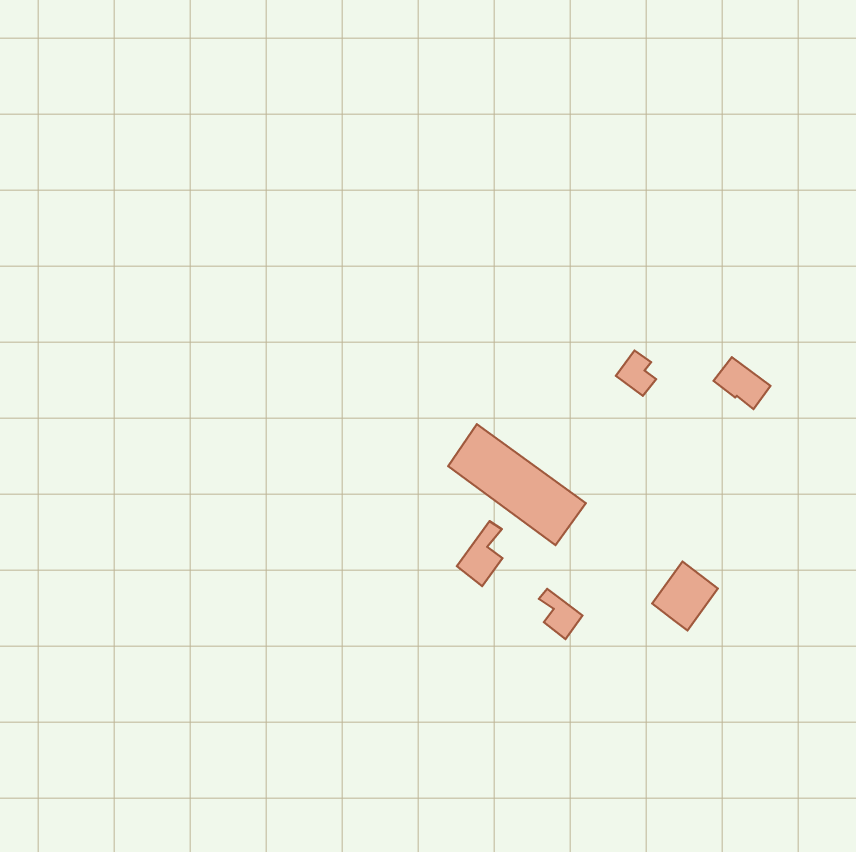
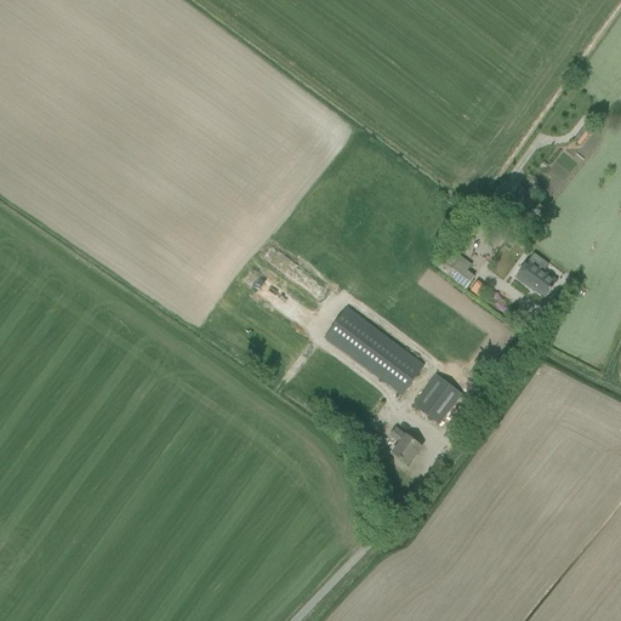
building: [457,521,502,586] -> none
building: [652,562,718,630] -> [415,372,462,422]

